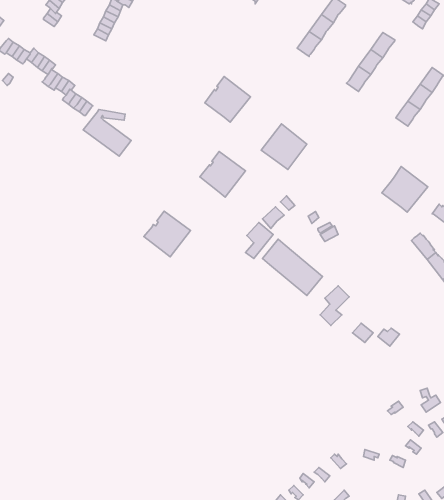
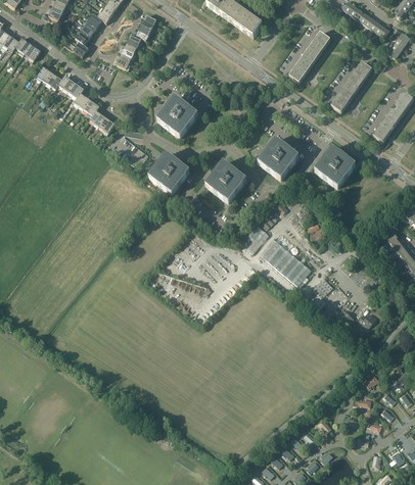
building: [205,76,251,122] -> [157,97,196,136]
building: [382,166,428,212] -> [315,147,354,186]
building: [144,211,191,257] -> [148,154,188,193]

